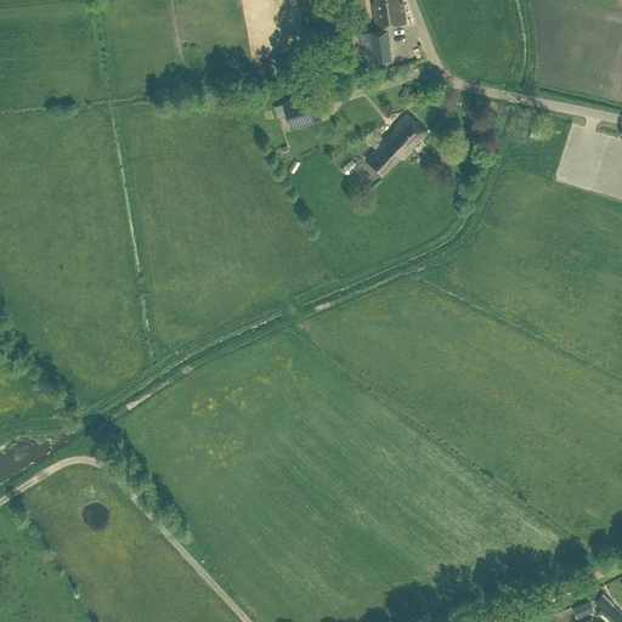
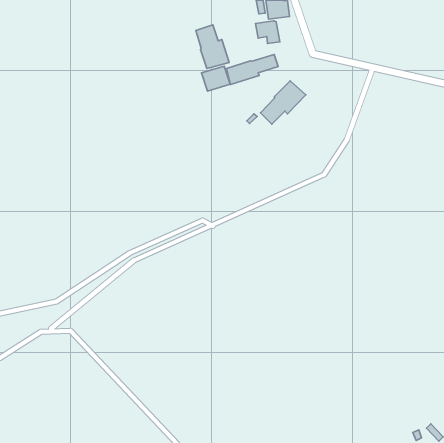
building: none -> [196,25,229,69]
building: none -> [226,55,278,84]

